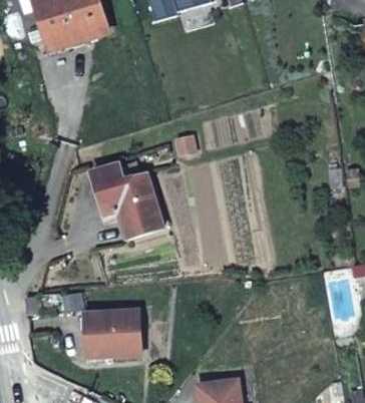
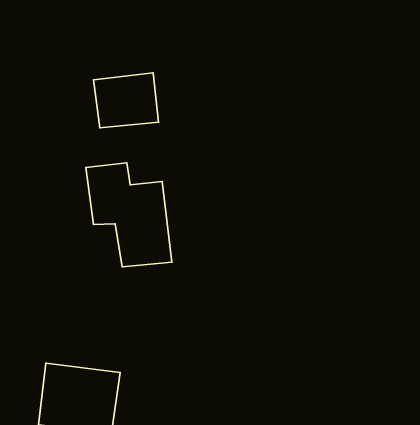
building: none -> [94,73,159,128]

